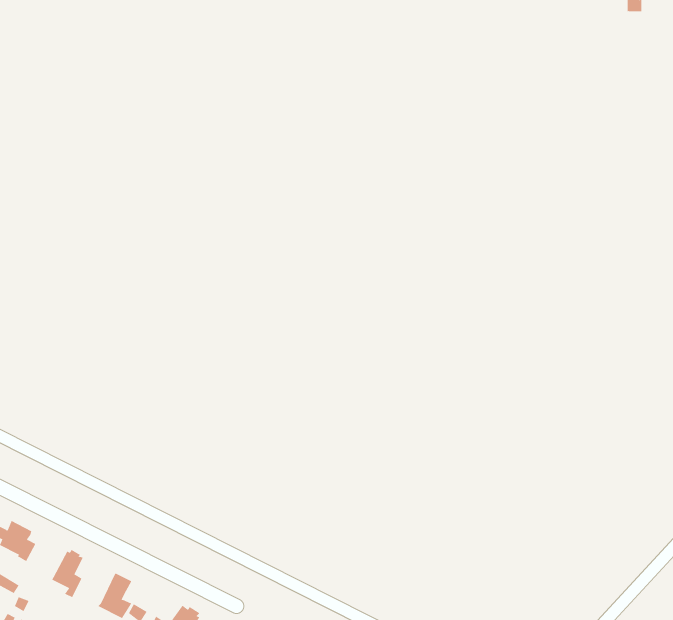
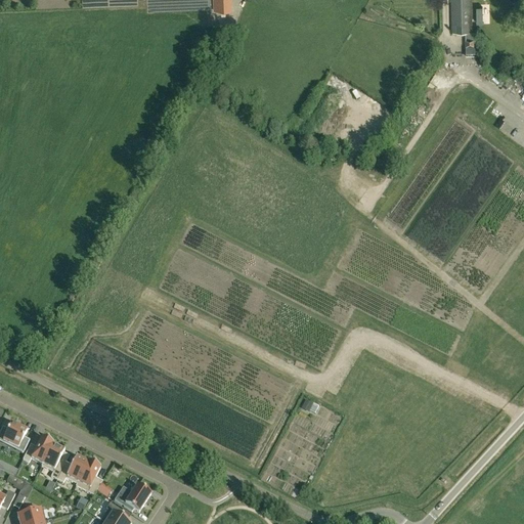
building: none -> [23,435,53,462]
building: none -> [56,453,87,481]

